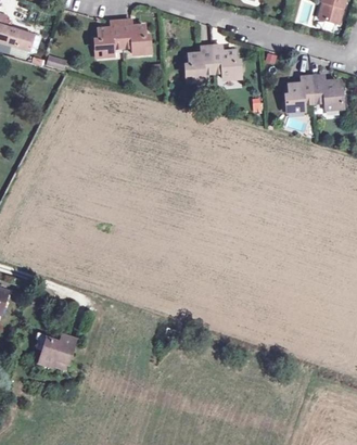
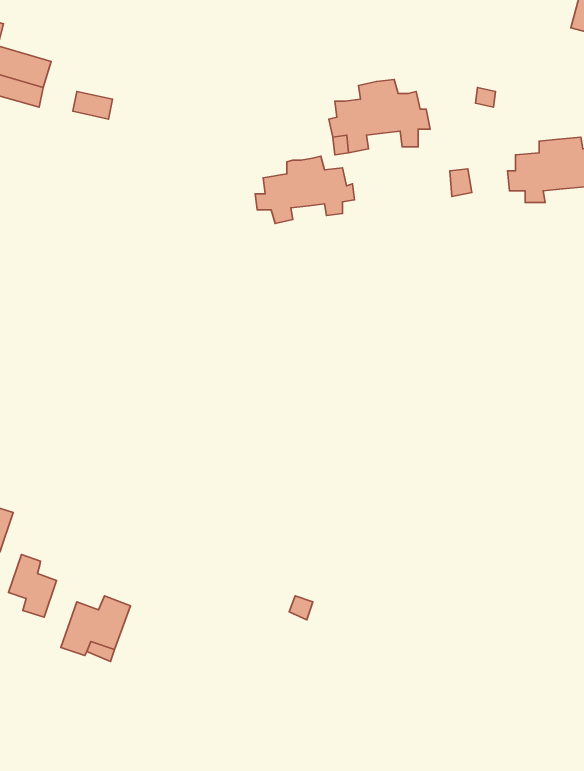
building: [95,22,150,59] -> [255,156,354,224]
building: none -> [8,554,56,617]

